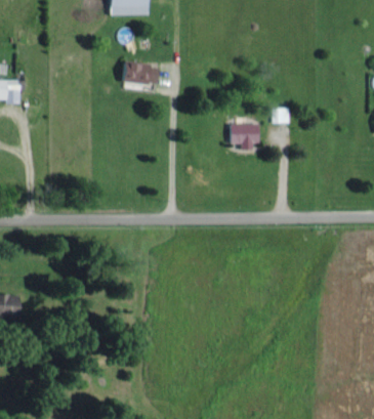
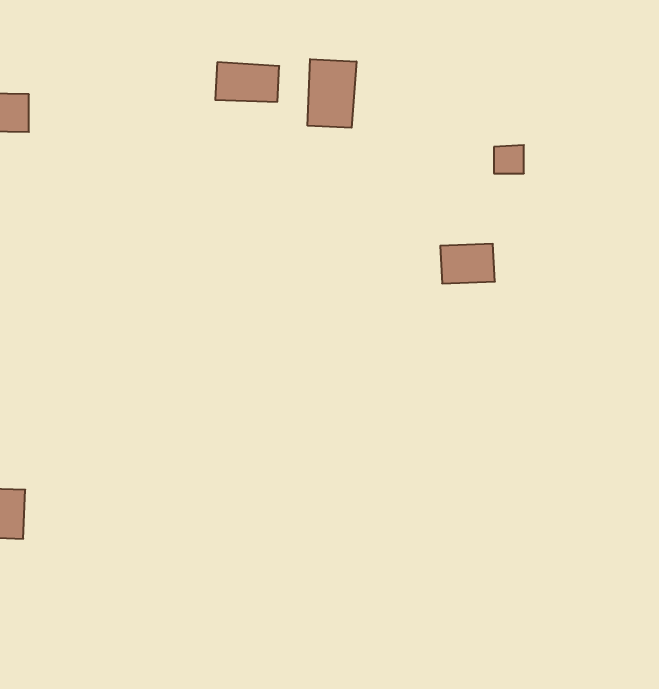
building: none -> [308,59,356,128]
building: [231,122,260,143] -> [440,244,495,283]

